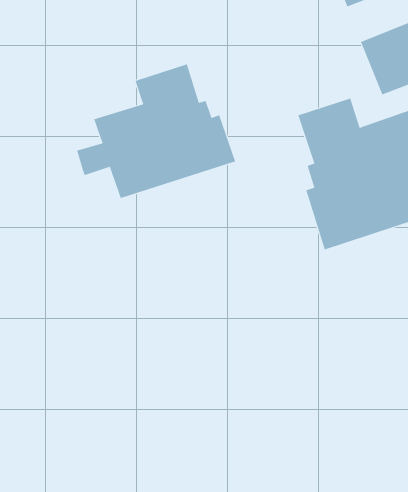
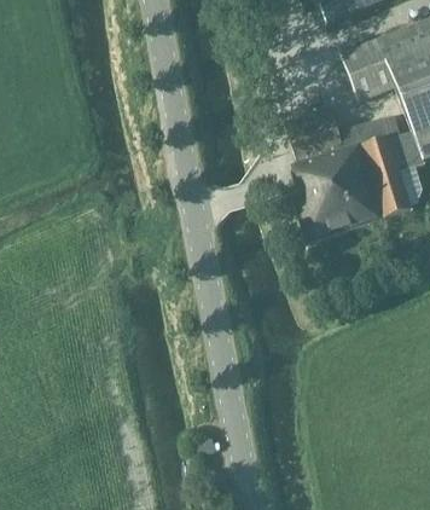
building: [77,64,236,199] -> none

